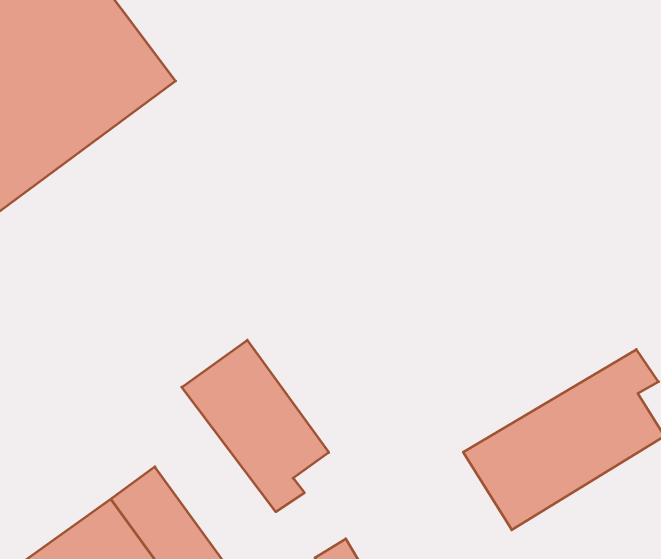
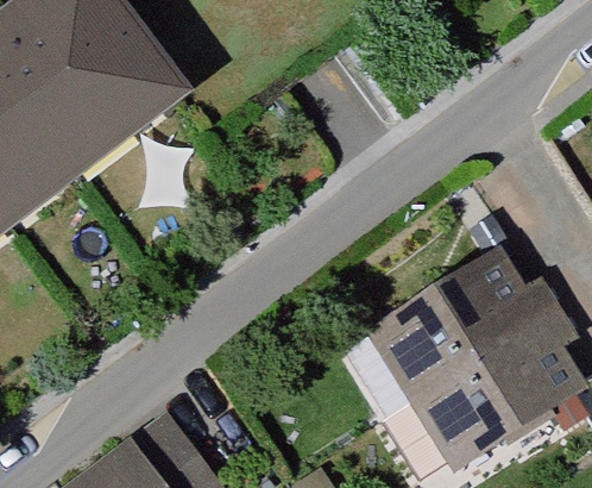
building: none -> [372,255,555,400]
building: [182,340,329,512] -> none

